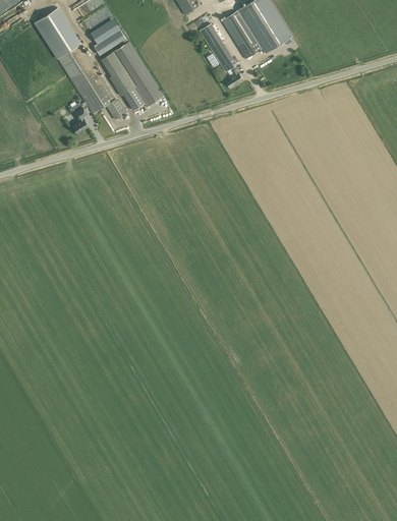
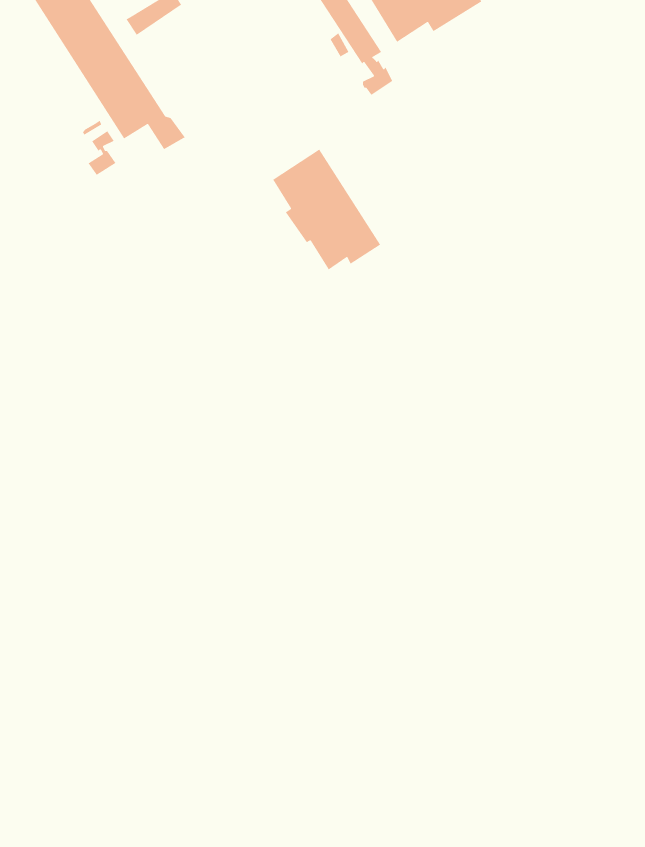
building: [101,41,162,109] -> [272,149,381,270]

